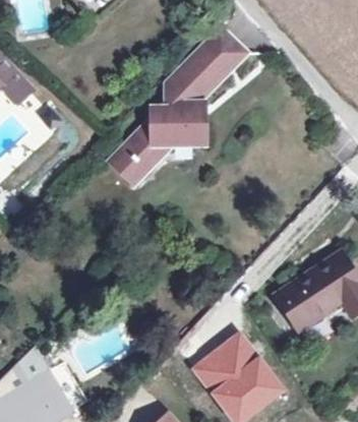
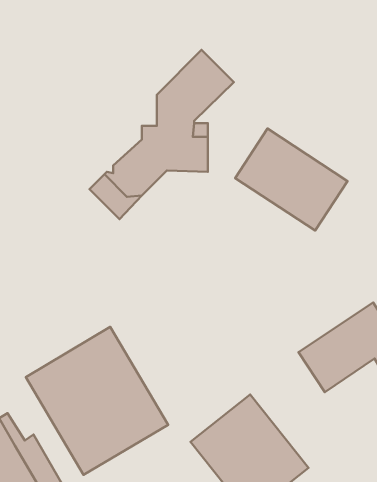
building: [199,31,244,74] -> none
building: none -> [235,129,347,231]
building: none -> [26,327,168,475]

